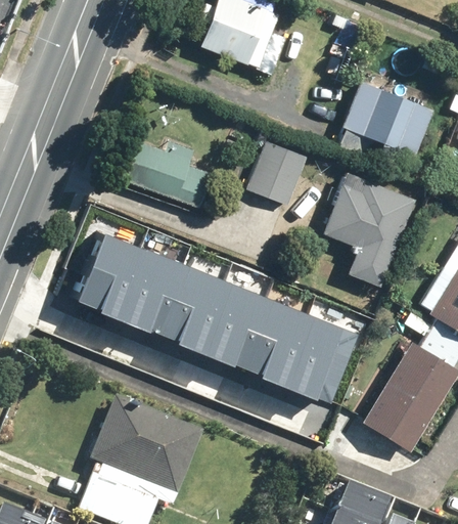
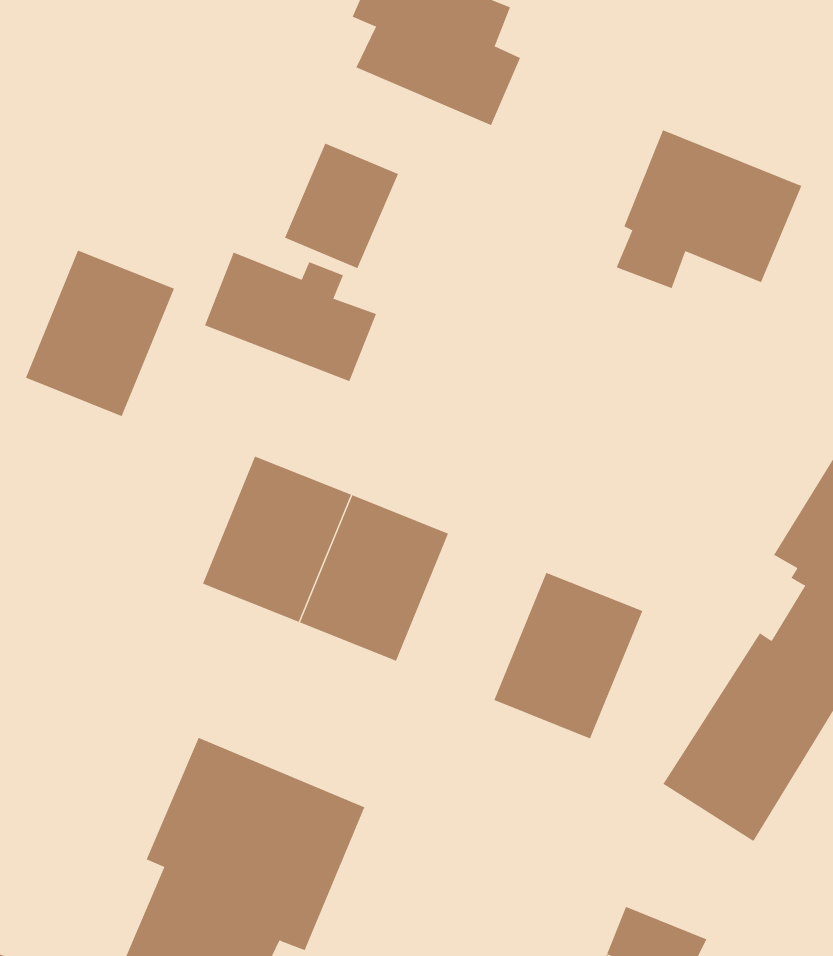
building: [247,140,308,207] -> [284,143,399,269]
building: [322,170,416,287] -> none
building: [68,229,147,317] -> [25,250,175,417]
building: [222,291,301,379] -> none

